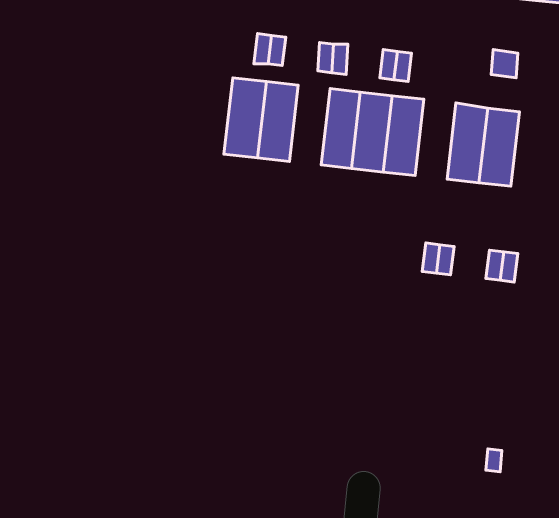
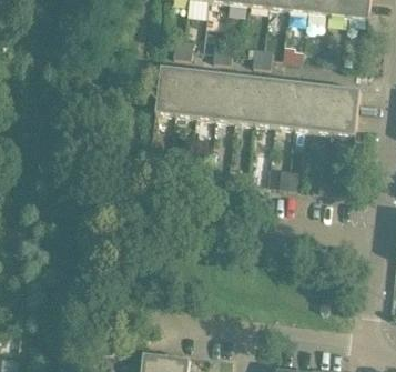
building: none -> [196,70,222,120]
building: none -> [275,79,301,129]
building: none -> [335,87,361,137]

